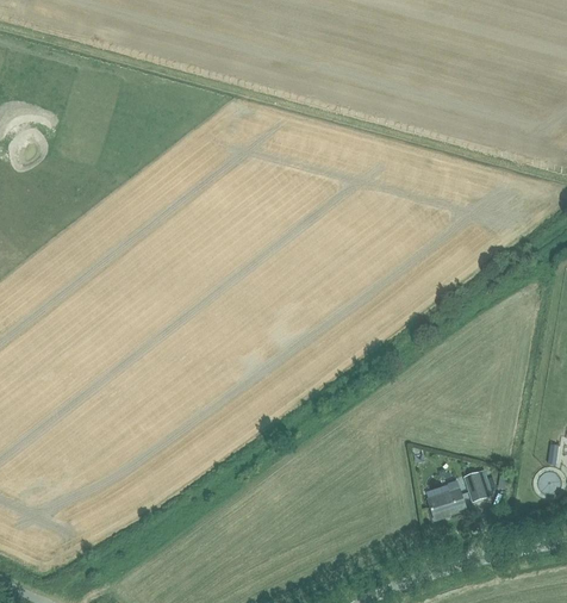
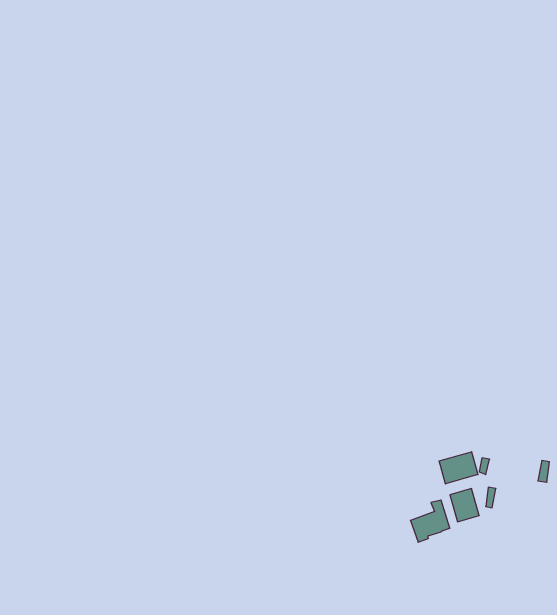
building: none -> [439,452,478,484]

